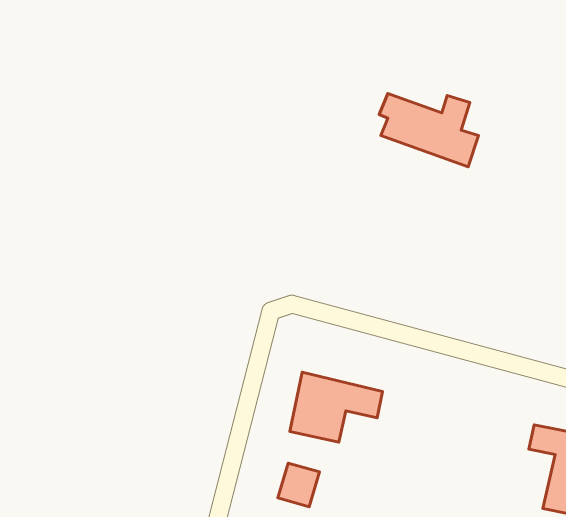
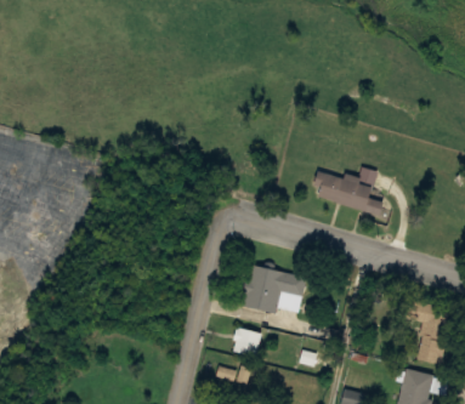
building: [379,94,478,167] -> [316,165,385,216]

